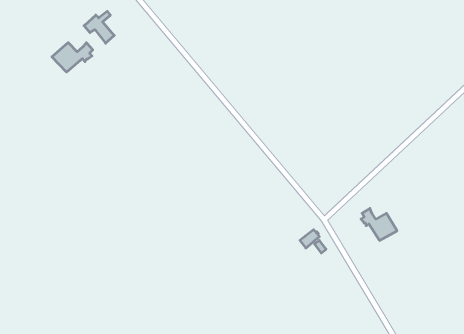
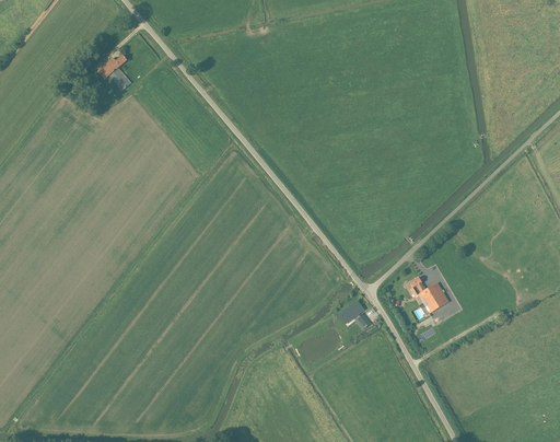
building: [52,43,93,72] -> none

